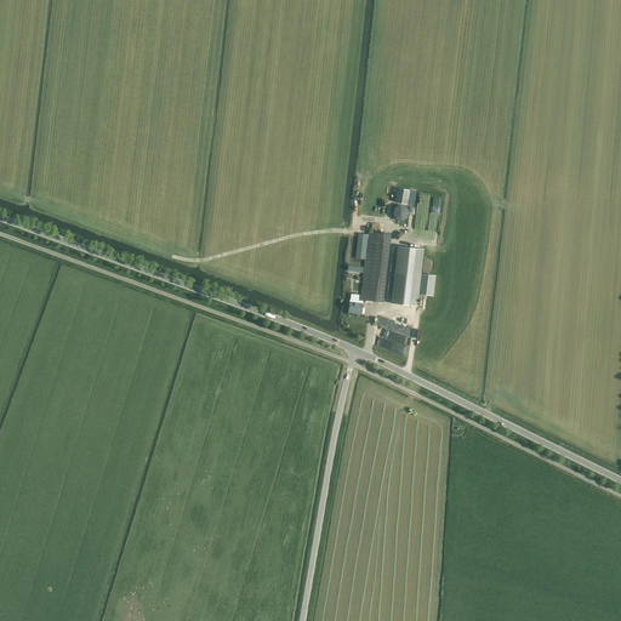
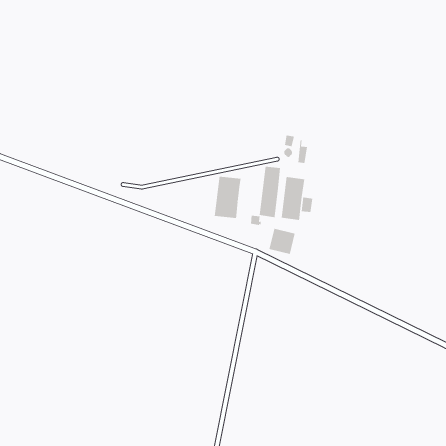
building: none -> [214,176,241,219]

